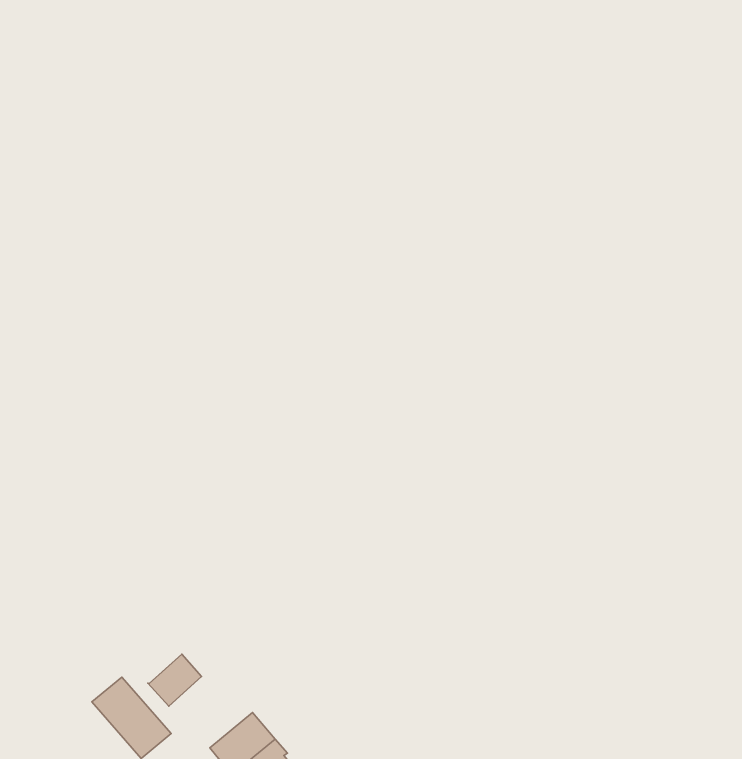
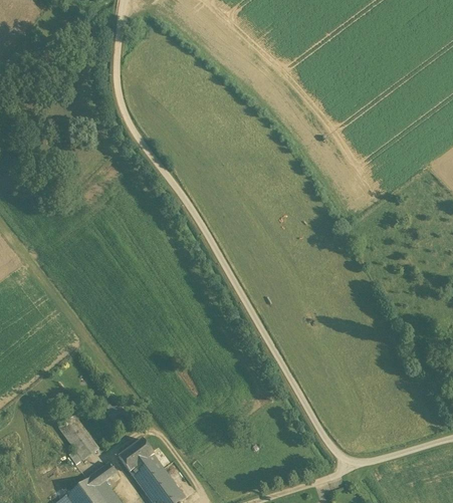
building: [148,654,201,706] -> none

